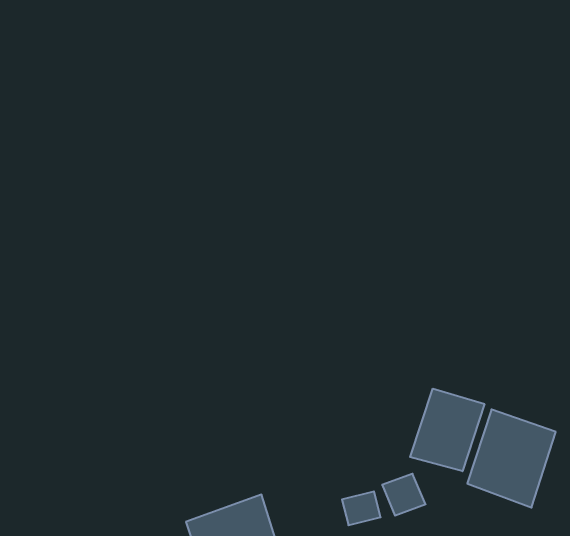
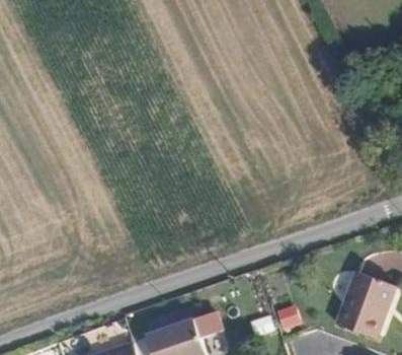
building: [410,389,484,471] -> none

